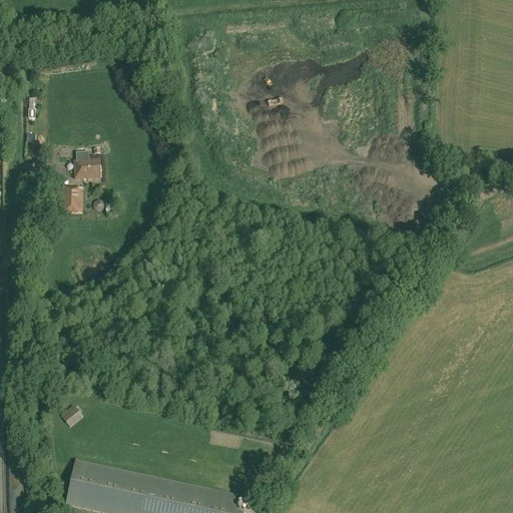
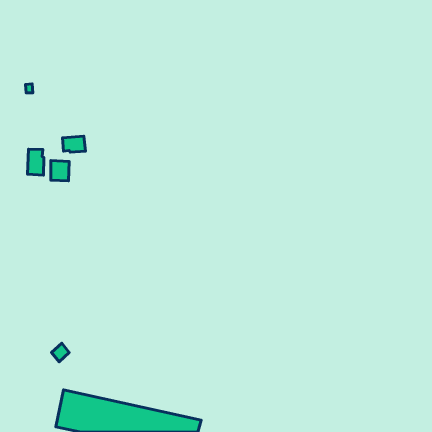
building: none -> [28,149,44,175]

